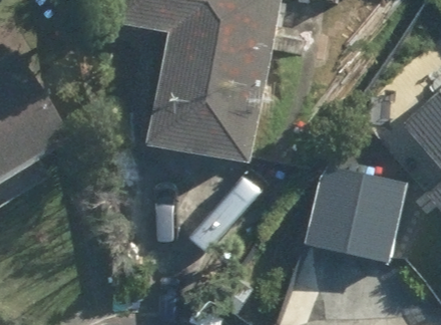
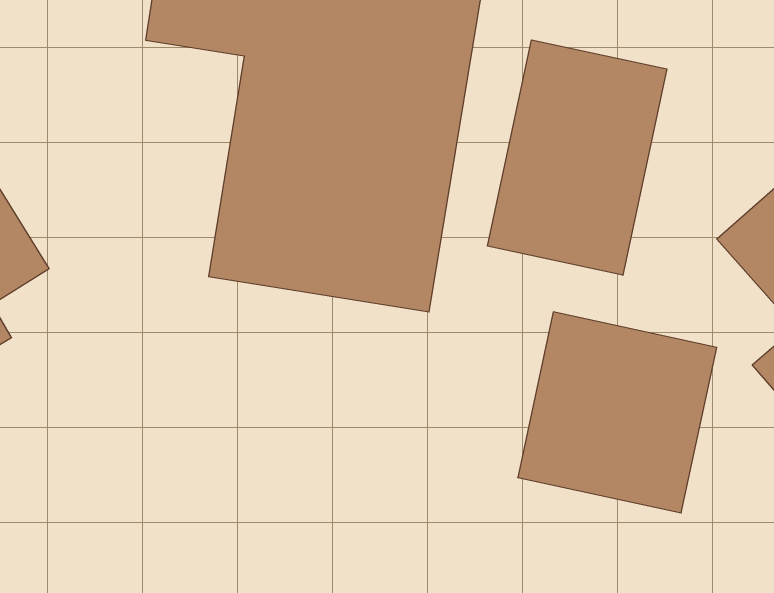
building: none -> [488,40,667,275]

